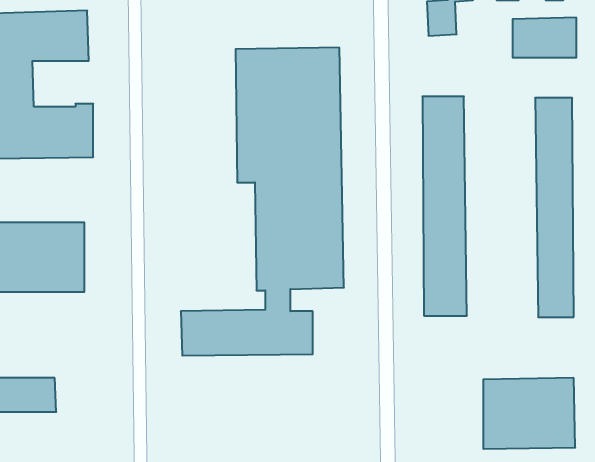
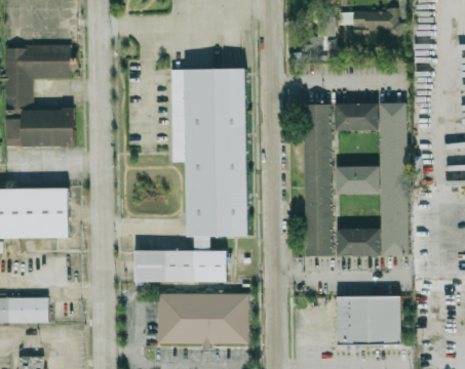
building: [513,18,576,58] -> [333,102,377,130]
building: none -> [334,166,377,194]
building: none -> [335,229,378,255]
building: none -> [159,292,248,344]

